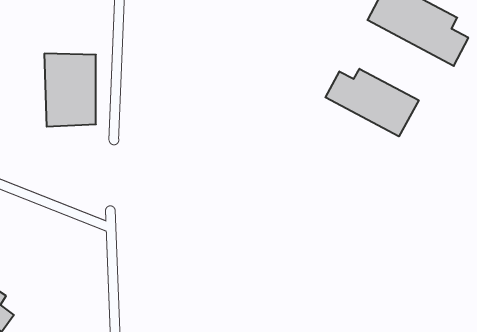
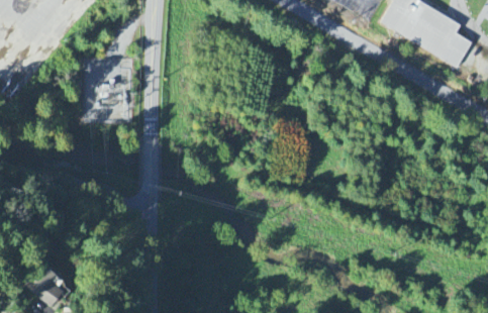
building: [325,69,419,136] -> none

